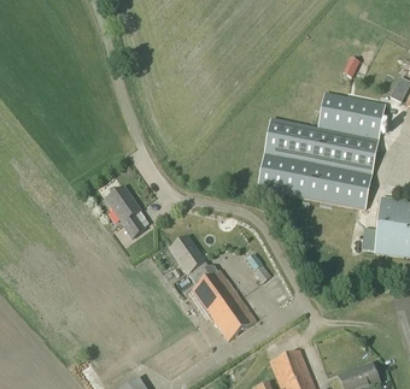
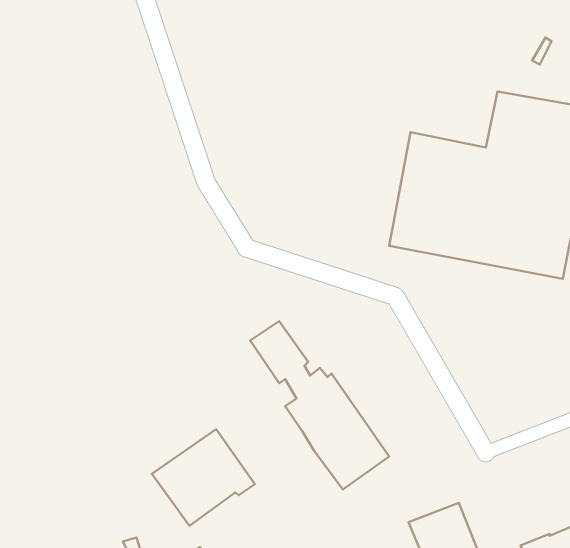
building: [106,185,147,238] -> none
building: none -> [152,429,255,526]

